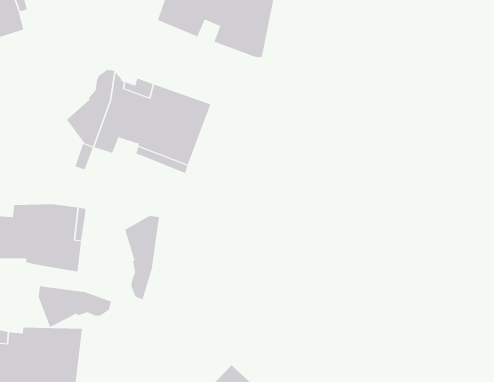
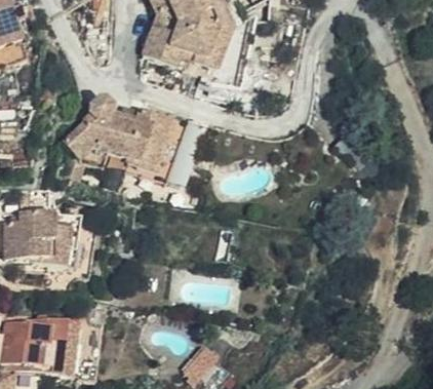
building: [124,215,159,300] -> none
building: [38,285,112,328] -> none

